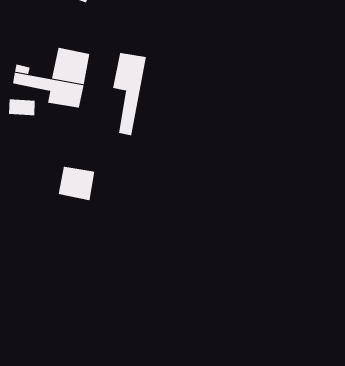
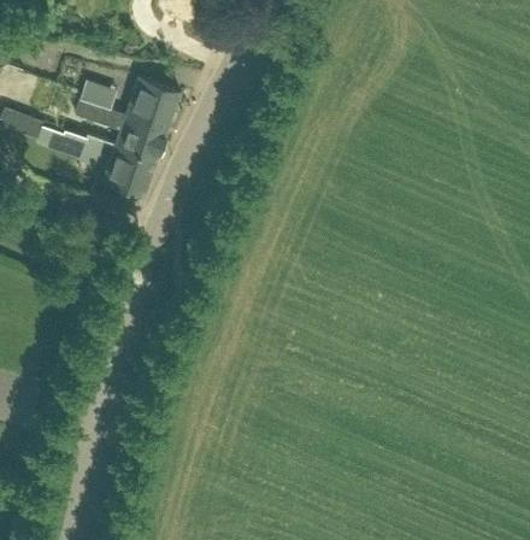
building: [112,52,146,136] -> none
building: [58,166,95,201] -> [106,146,158,195]

